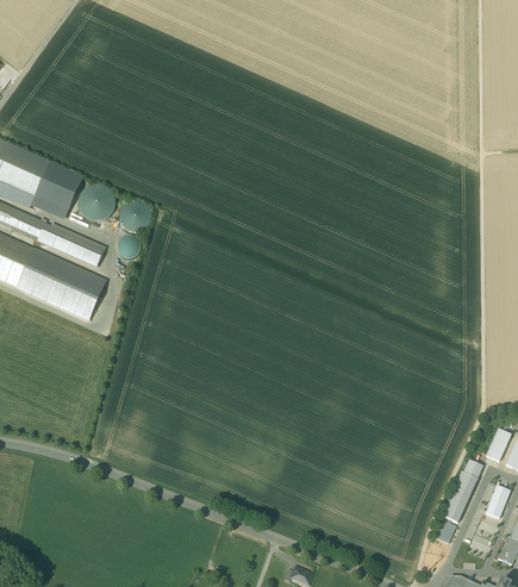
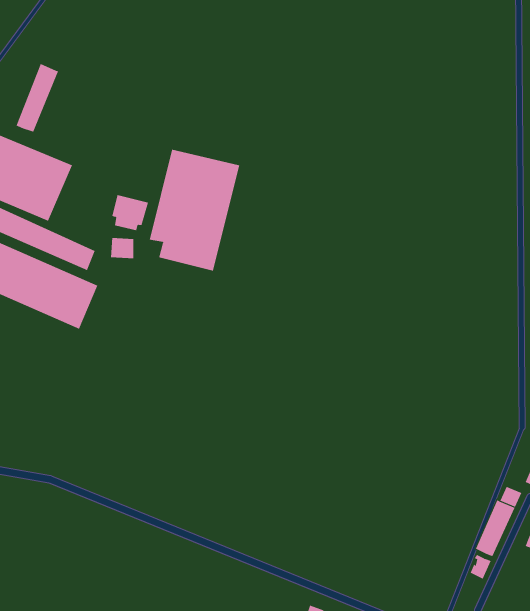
building: none -> [16,63,59,133]
building: none -> [149,149,240,271]
building: [75,181,116,221] -> none

